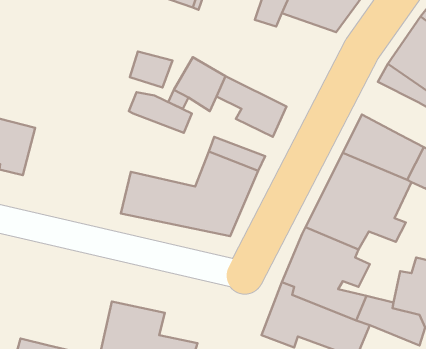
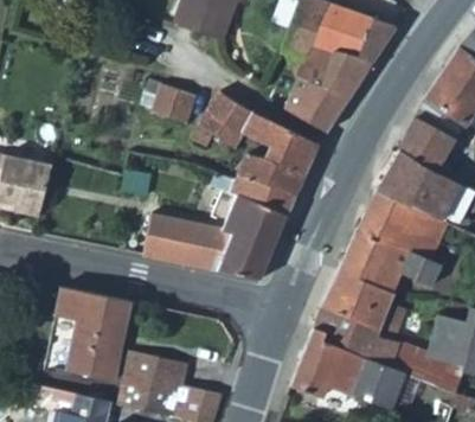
building: none -> [285,44,370,128]
building: none -> [397,116,456,172]
building: [129,92,192,133] -> [237,152,303,194]
building: none -> [46,287,133,381]

